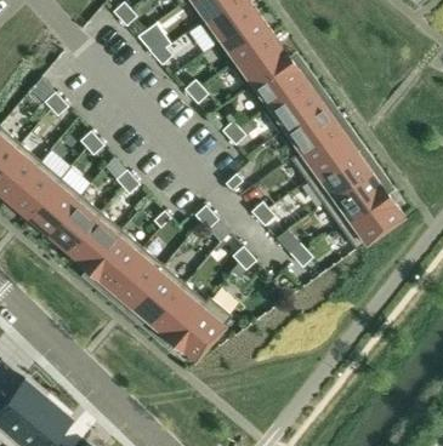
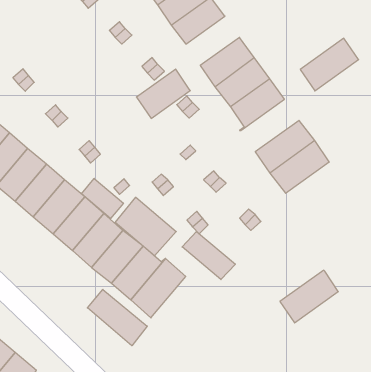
building: [232,35,290,88] -> [136,69,190,118]
building: [291,125,354,182] -> [300,38,359,91]
building: [340,193,403,250] -> [280,270,338,323]
building: none -> [81,178,123,219]
building: none -> [115,197,176,256]
building: none -> [182,231,235,280]
building: none -> [87,289,147,346]

